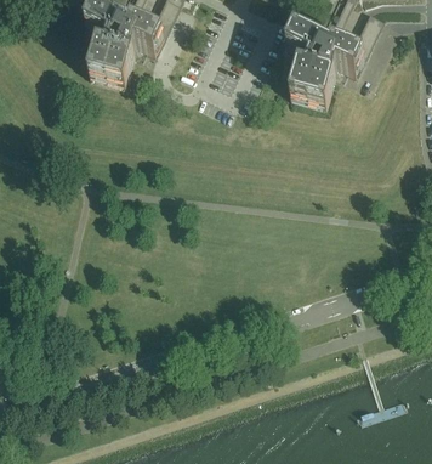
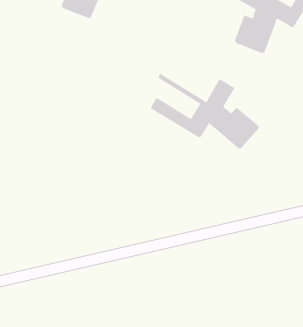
building: none -> [150,73,260,150]

